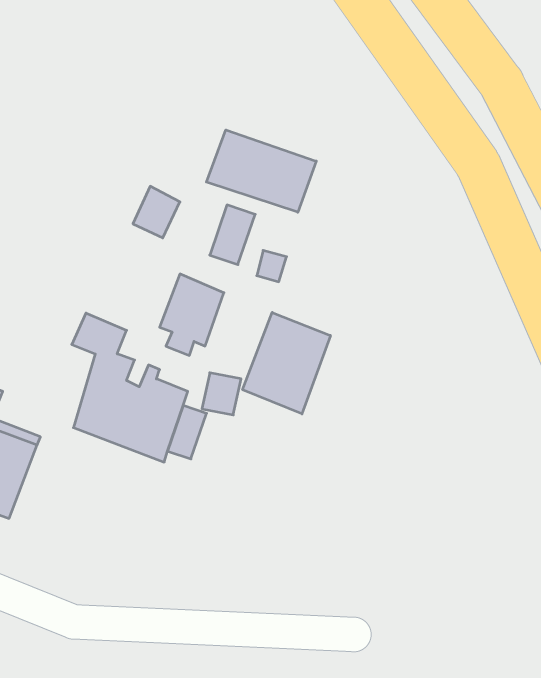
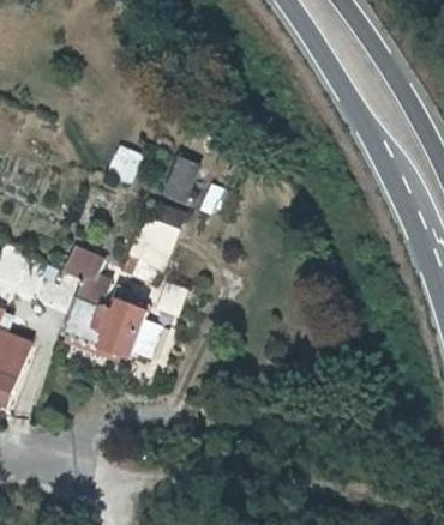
building: [206,130,316,212] -> none
building: [243,312,330,414] -> none

